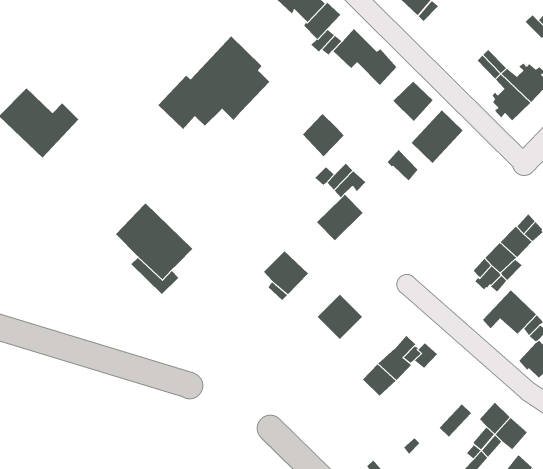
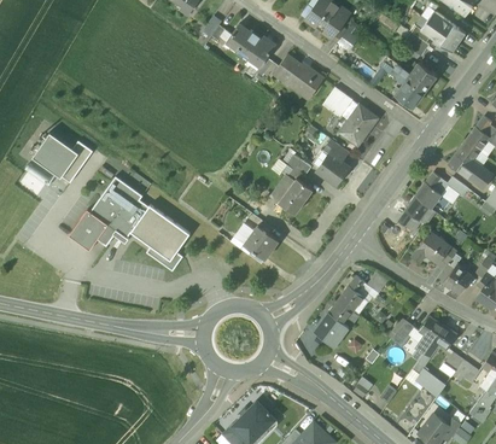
building: [157,35,270,130] -> [69,176,150,251]
building: [302,113,345,157] -> [317,152,349,185]
building: [317,294,363,340] -> [315,312,349,346]

